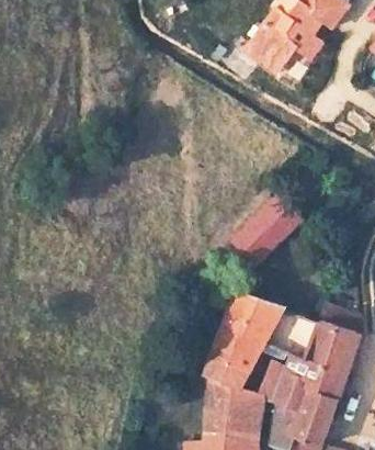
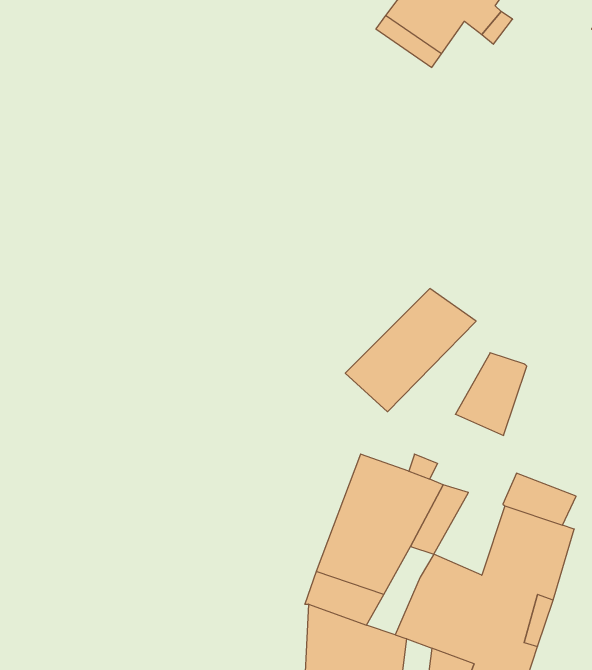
building: [279,314,319,361] -> [455,353,527,435]

